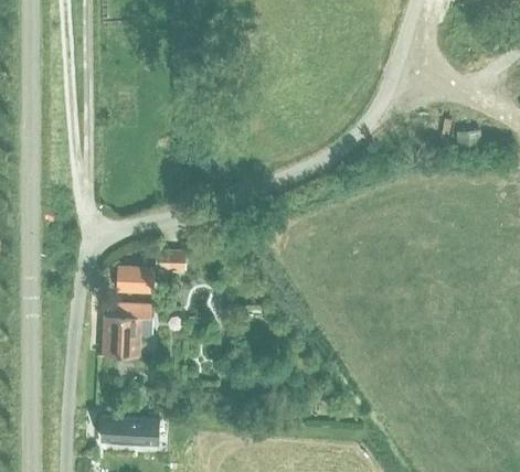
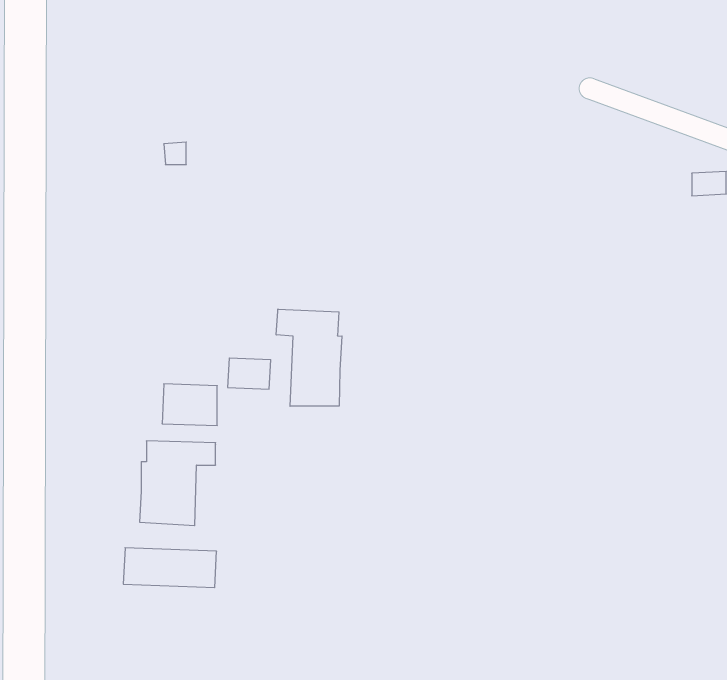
building: none -> [276,309,342,406]
building: [100,417,160,442] -> [123,548,217,588]

